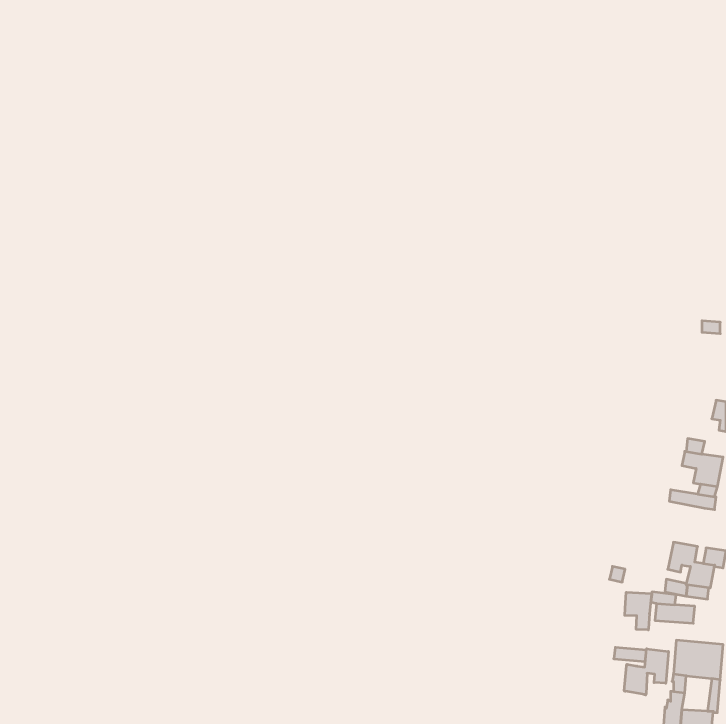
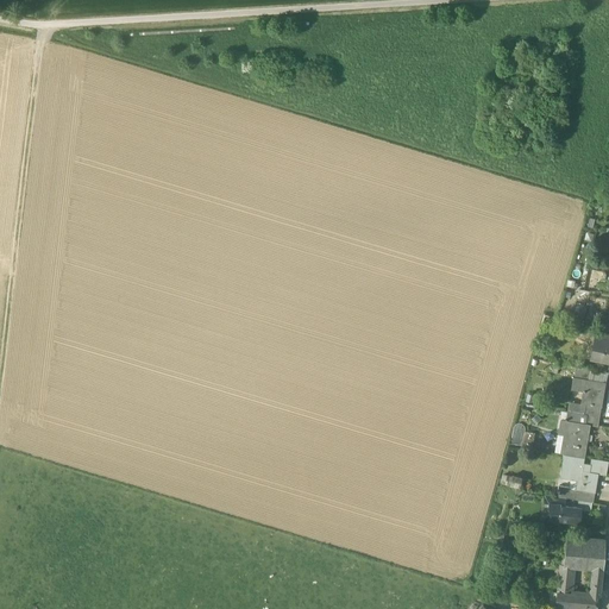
building: none -> [558,421,590,459]
building: [625,592,652,630] -> none
building: [624,649,668,695] -> none

